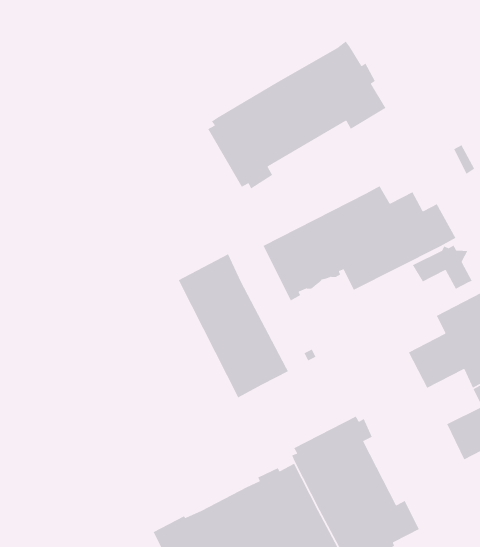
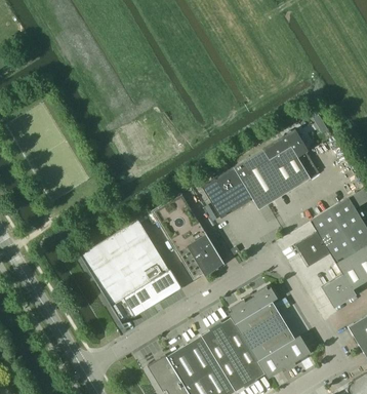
building: [207,40,386,189] -> none
building: [412,244,473,290] -> [271,130,309,158]
building: none -> [80,220,181,324]

